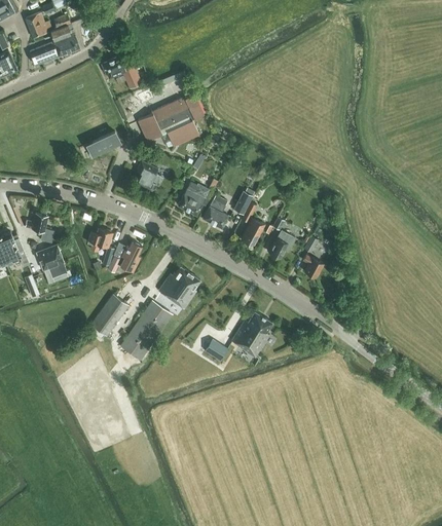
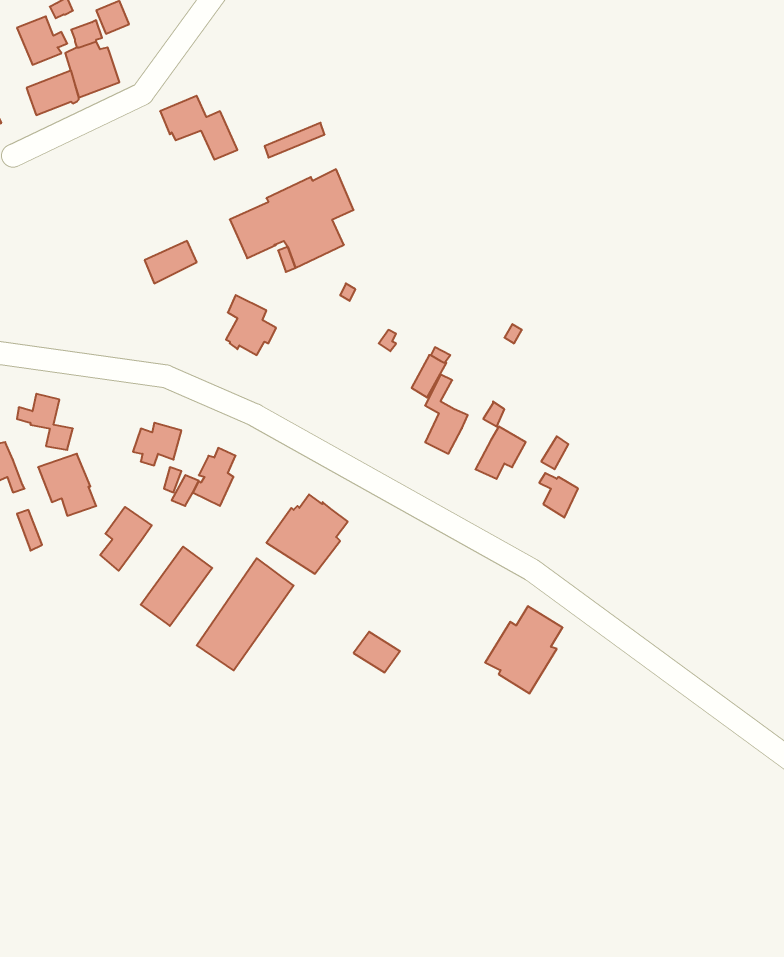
building: [178,182,209,215] -> none
building: [202,196,228,228] -> none
building: none -> [100,507,152,571]
building: [231,311,272,358] -> [485,606,563,693]

